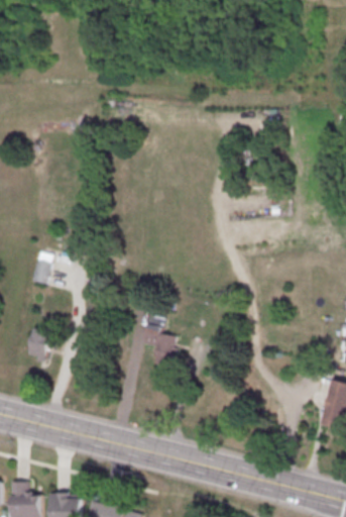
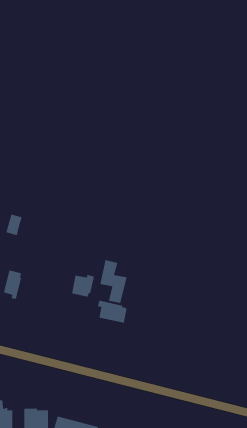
building: none -> [71,274,95,297]
building: none -> [97,300,127,323]

